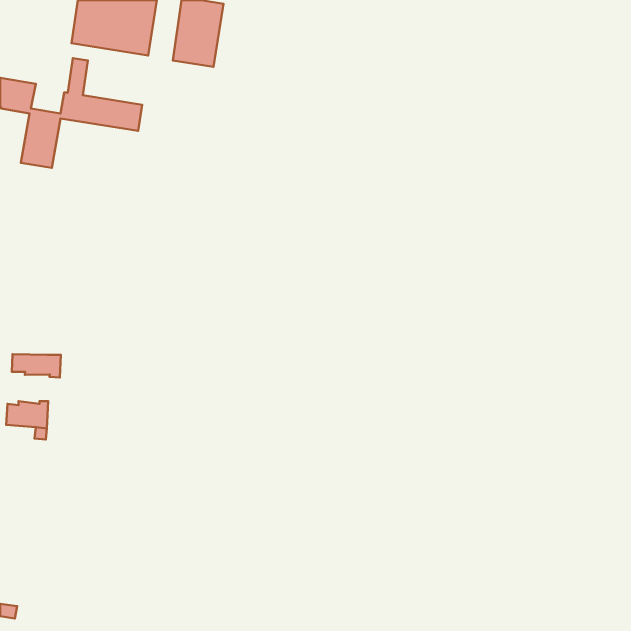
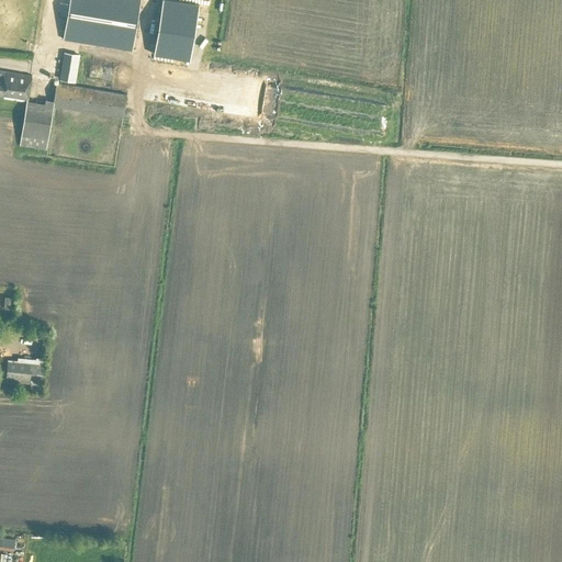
building: [12,354,61,377] -> none

